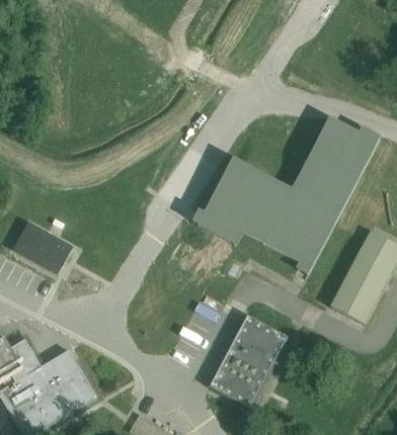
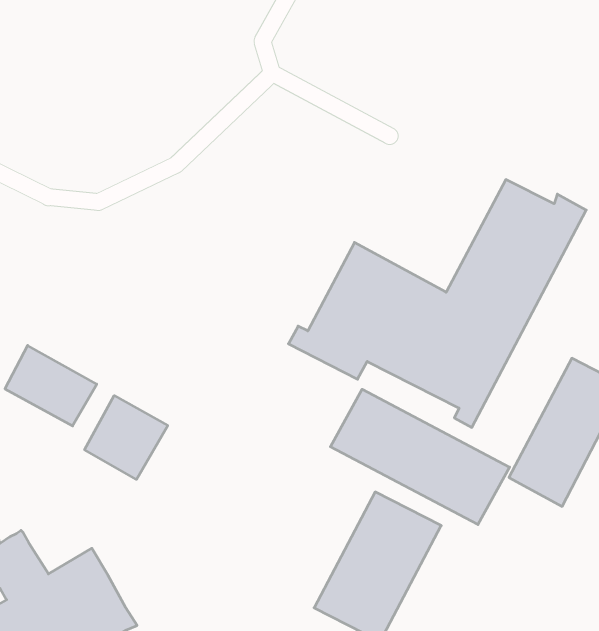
building: none -> [330,389,510,525]
building: none -> [85,396,168,479]

